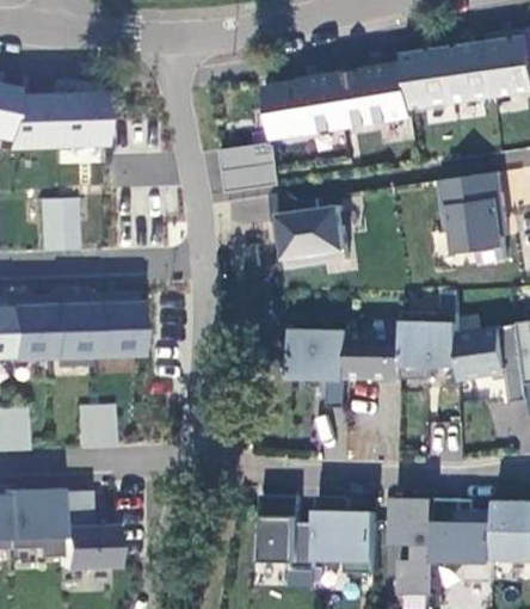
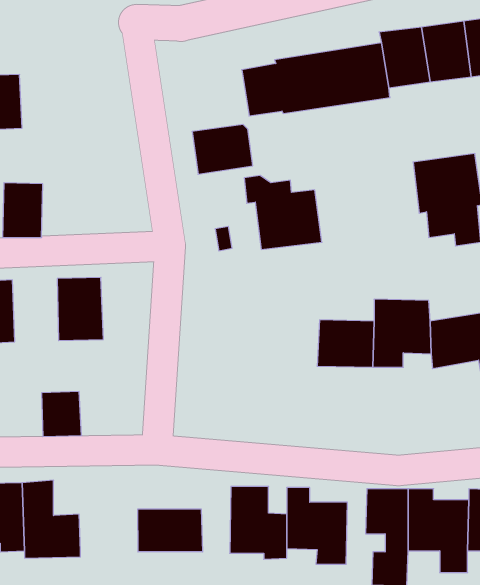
building: [53,92,99,146] -> none
building: [45,294,91,356] -> none
building: [286,333,347,380] -> none
building: none -> [138,509,203,552]

